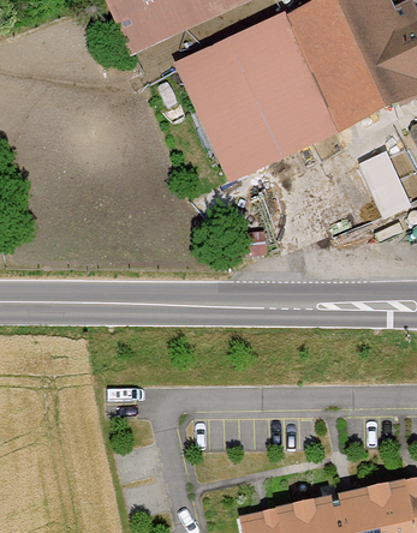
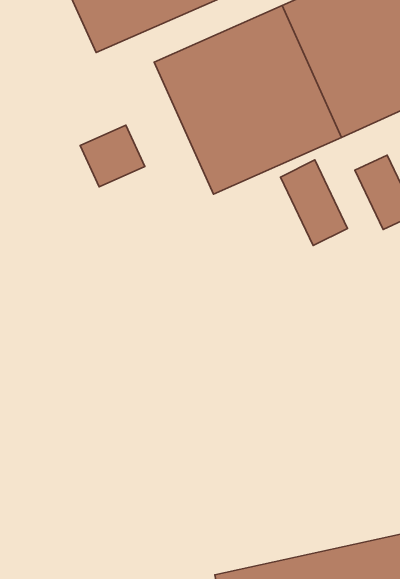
building: none -> [80,125,145,187]
building: none -> [281,160,348,246]

